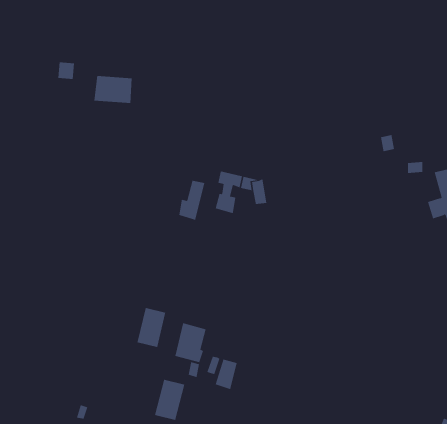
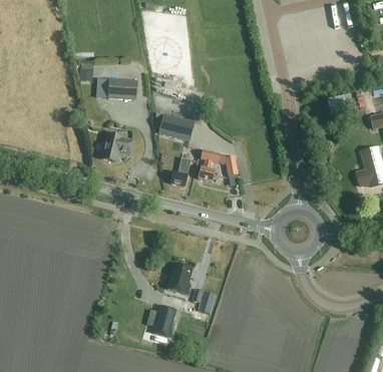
building: none -> [158,113,193,140]
building: none -> [101,132,133,161]
building: [137,307,166,348] -> none

